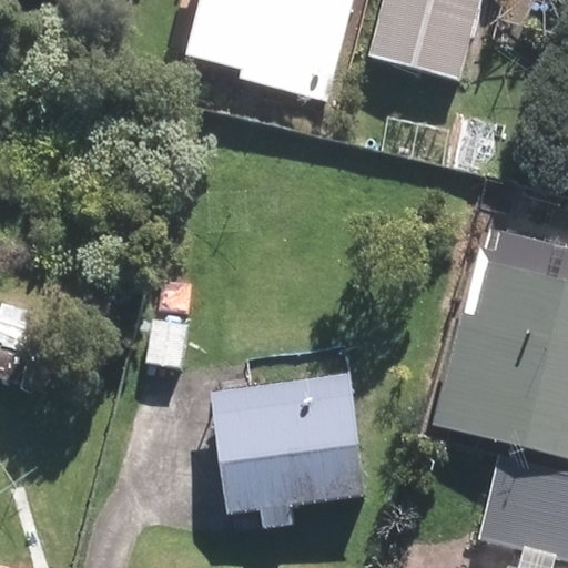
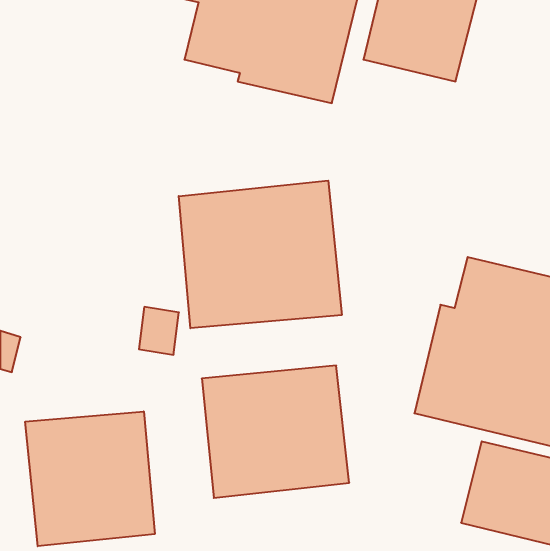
building: none -> [179,181,342,328]
building: none -> [25,411,155,546]

